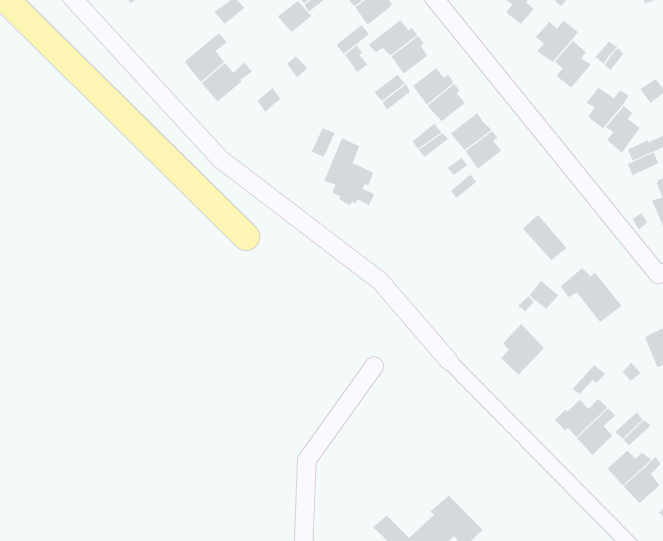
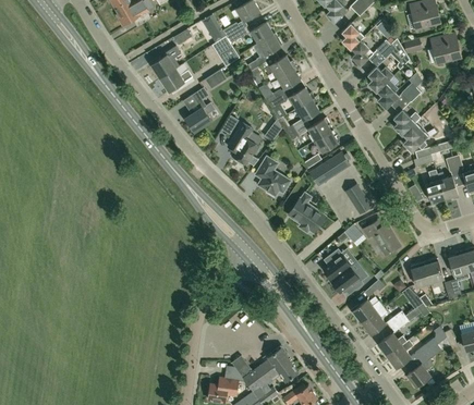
building: none -> [185,103,215,135]
building: none -> [308,152,349,185]
building: none -> [254,158,289,198]
building: none -> [288,194,325,233]
building: none -> [330,267,362,294]

